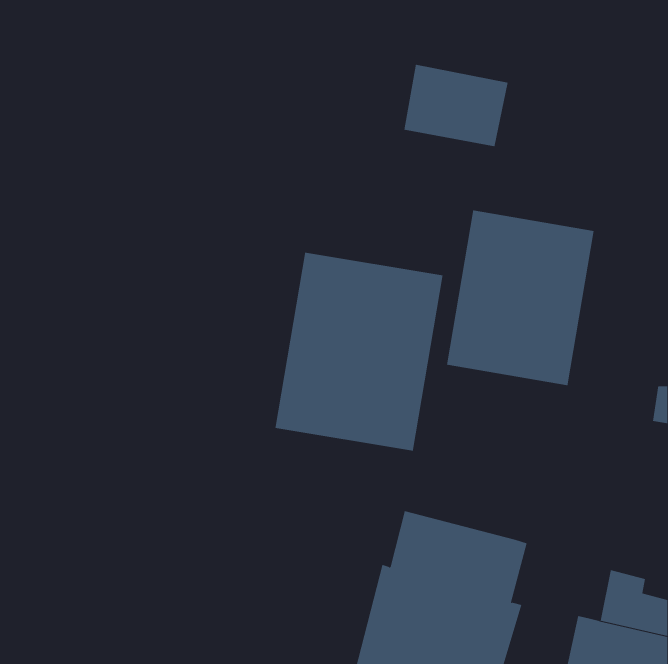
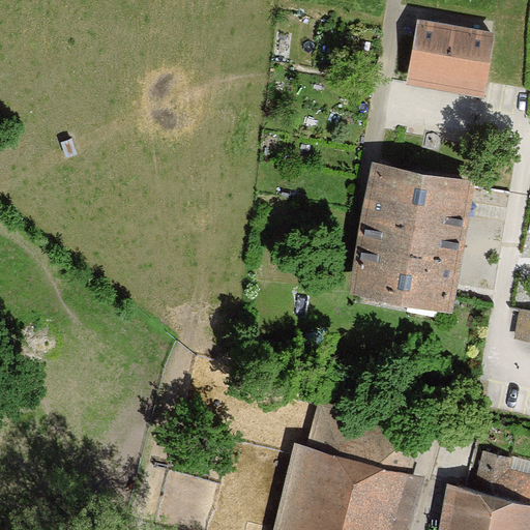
building: [403,64,508,147] -> [408,25,491,90]
building: [275,252,443,451] -> none

